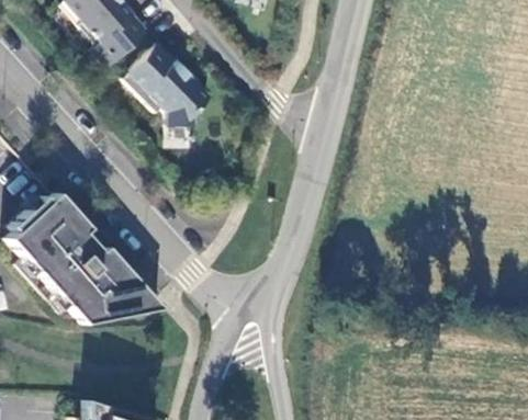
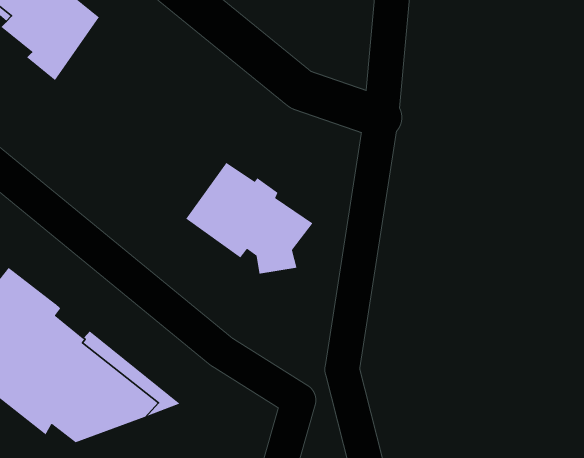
building: [125,42,214,124] -> [185,162,314,275]

